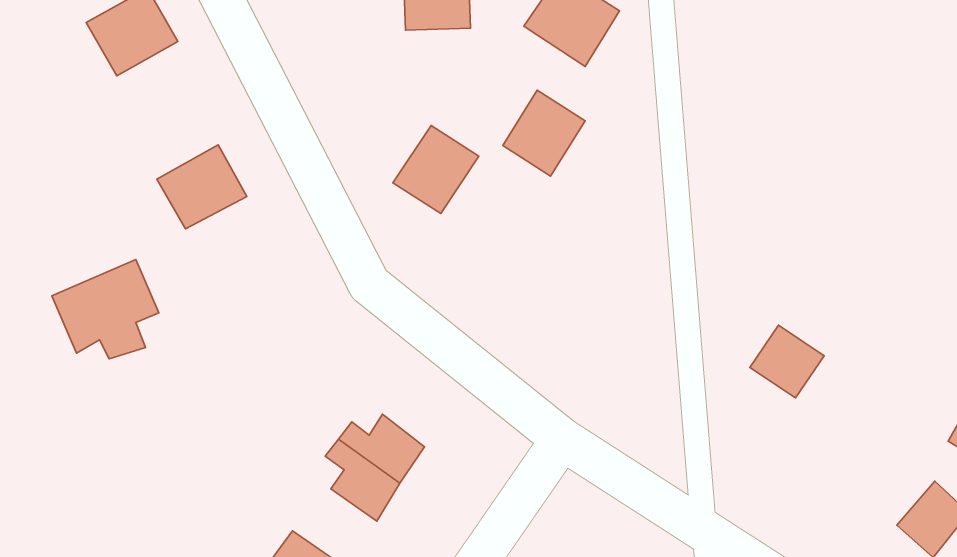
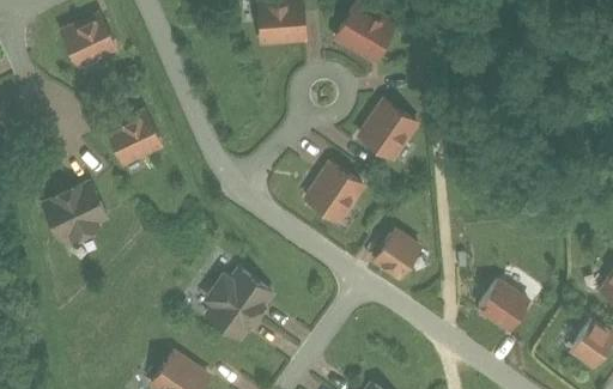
building: [503,90,585,176] -> [362,101,413,154]
building: [393,125,479,213] -> [306,165,360,220]
building: [750,325,824,398] -> [481,282,528,328]
building: none -> [374,230,420,278]

